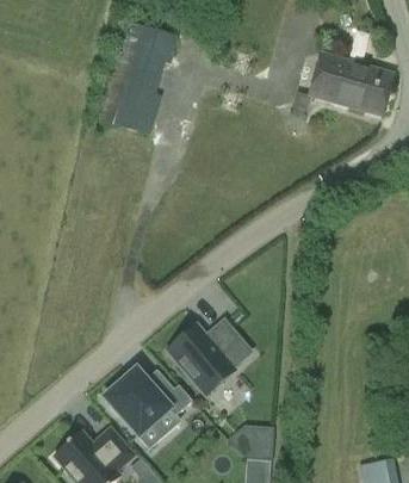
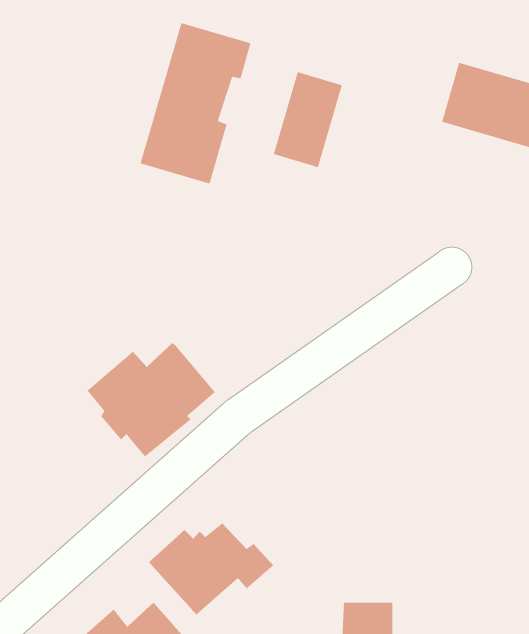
building: none -> [273,71,343,168]
building: [165,316,254,396] -> [86,342,216,458]

